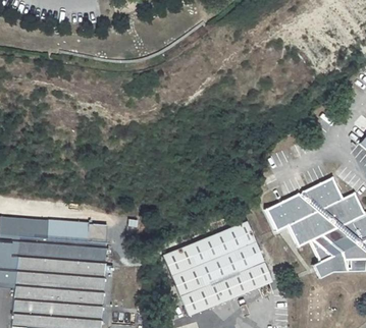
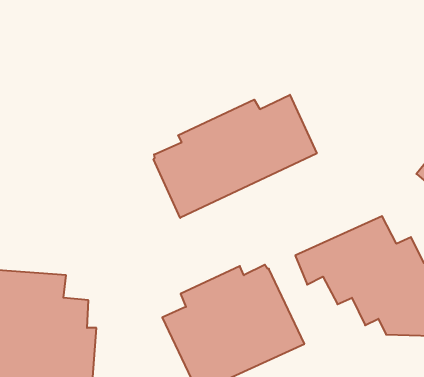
building: none -> [154,95,317,218]

